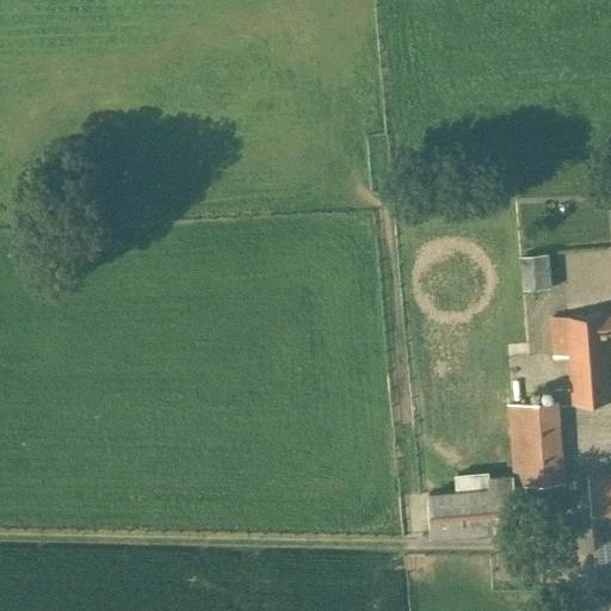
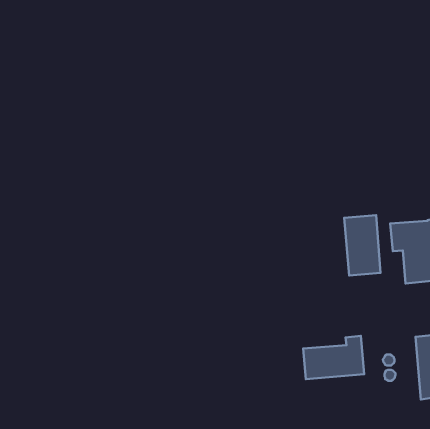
building: [520,253,551,289] -> none
building: [512,405,563,489] -> [344,215,380,275]

